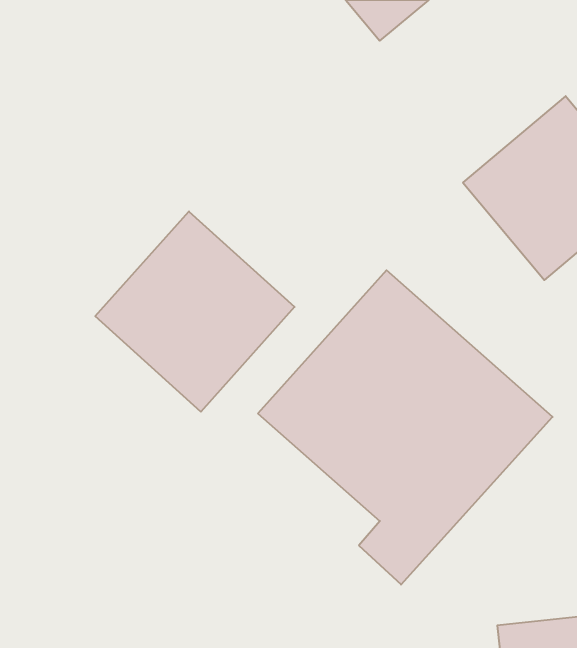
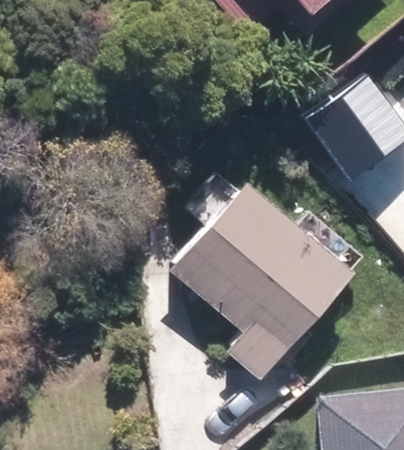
building: [95,211,295,412] -> none

